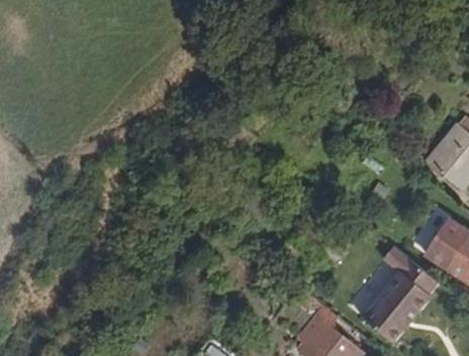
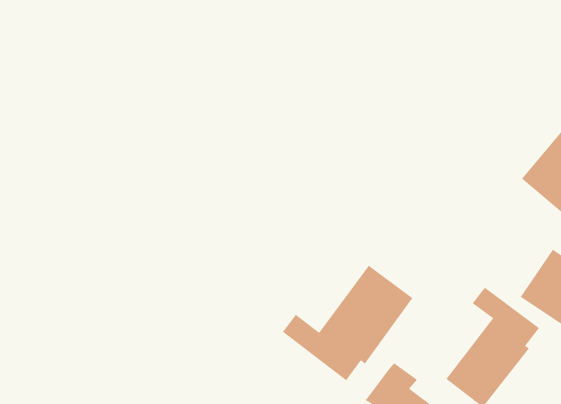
building: none -> [282,265,413,381]

